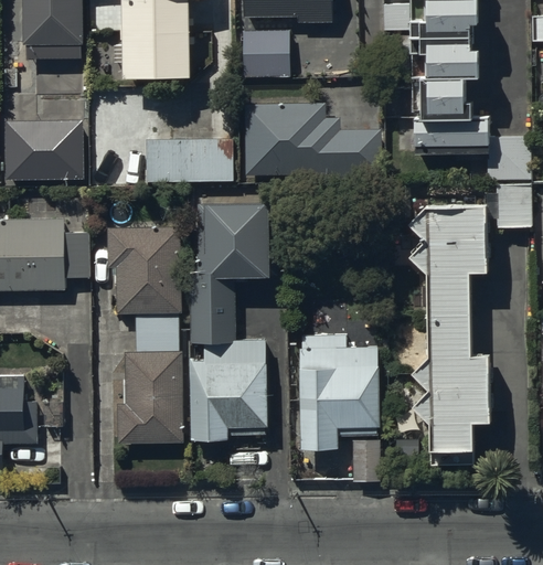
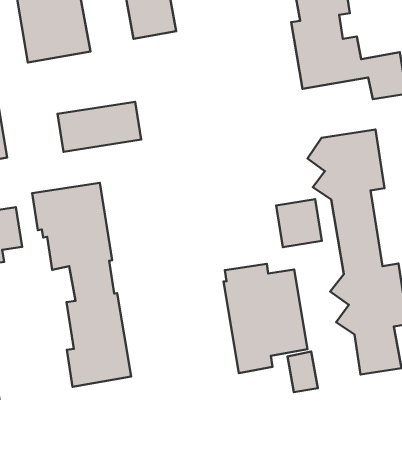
building: [242,102,381,179] -> none
building: [189,195,279,434] -> none
building: none -> [276,199,322,247]

